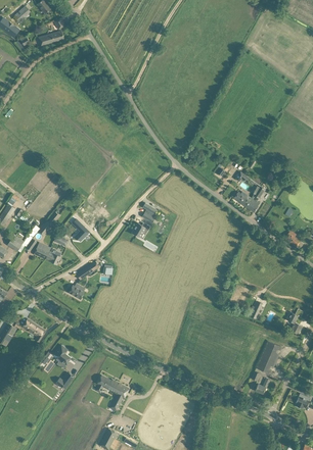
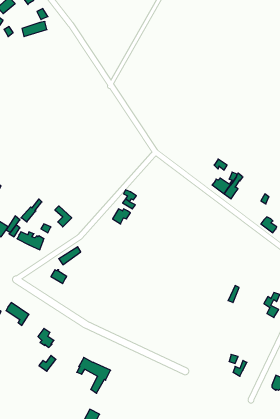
building: [255,341,281,373] -> none

